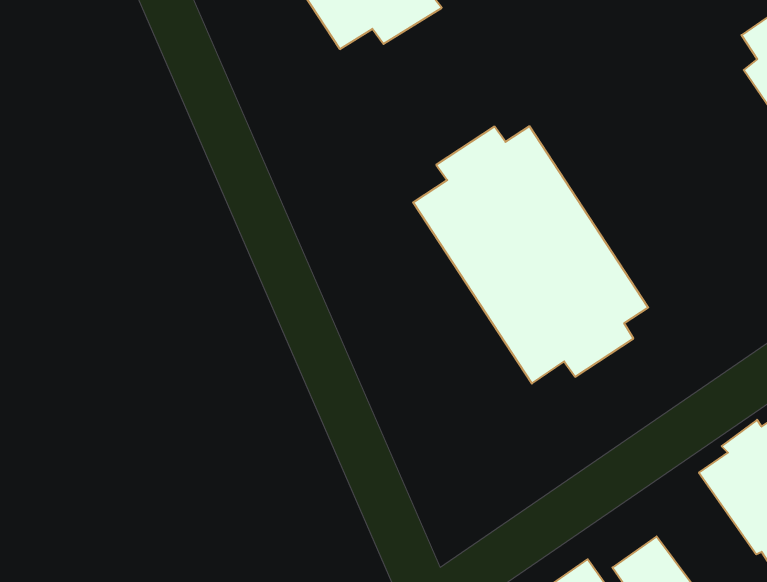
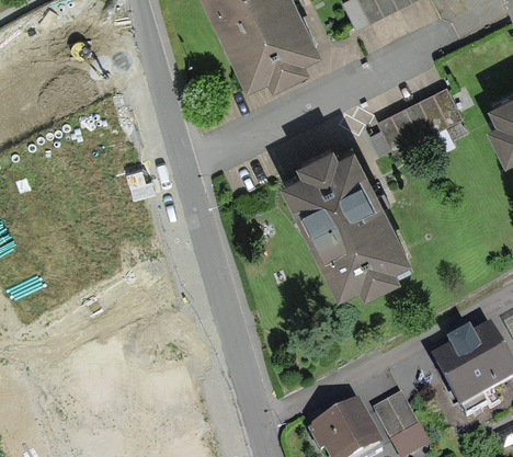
building: none -> [375,90,463,158]

